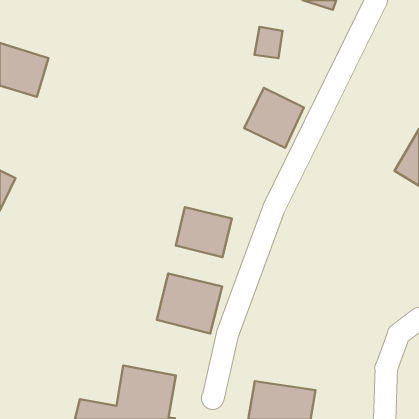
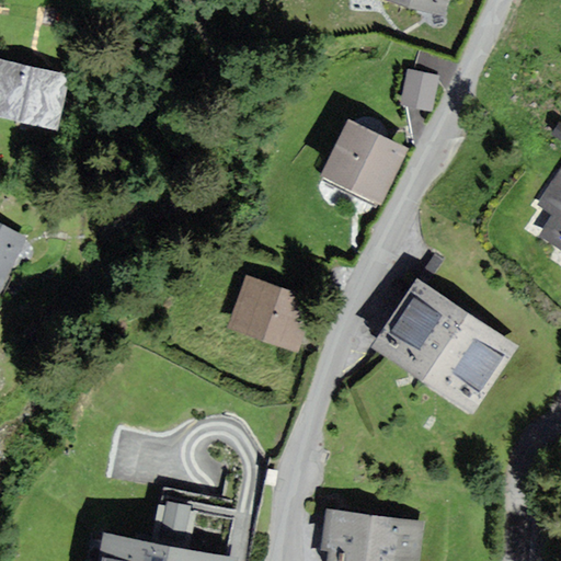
building: [255,27,283,58] -> [400,67,437,108]
building: none -> [377,286,511,408]
building: [157,273,222,334] -> none

